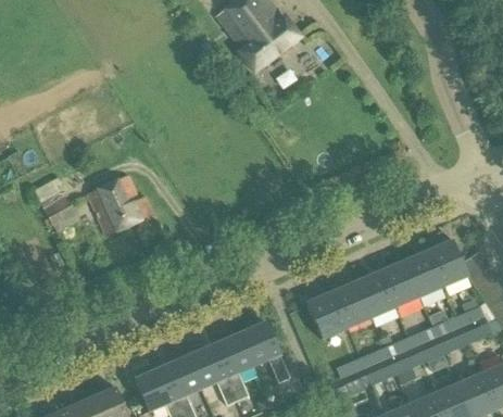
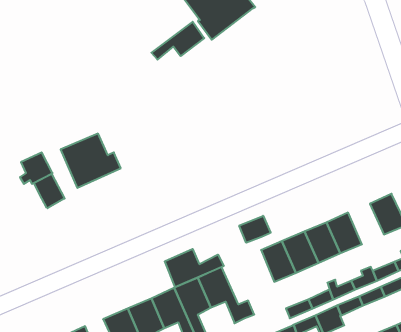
building: none -> [151,22,204,60]
building: none -> [34,174,65,208]
building: [404,252,443,296] -> none
building: none -> [239,216,271,243]
building: none -> [165,249,224,287]

